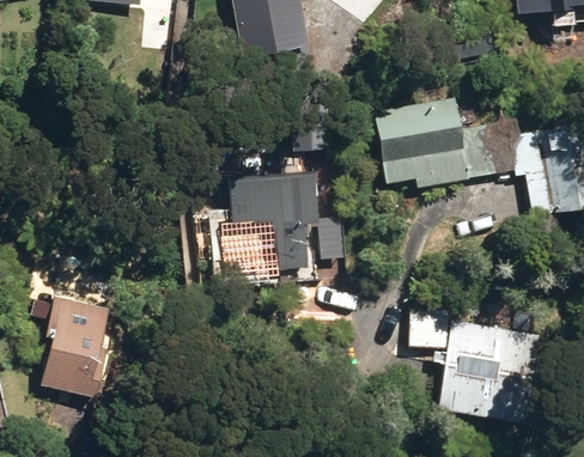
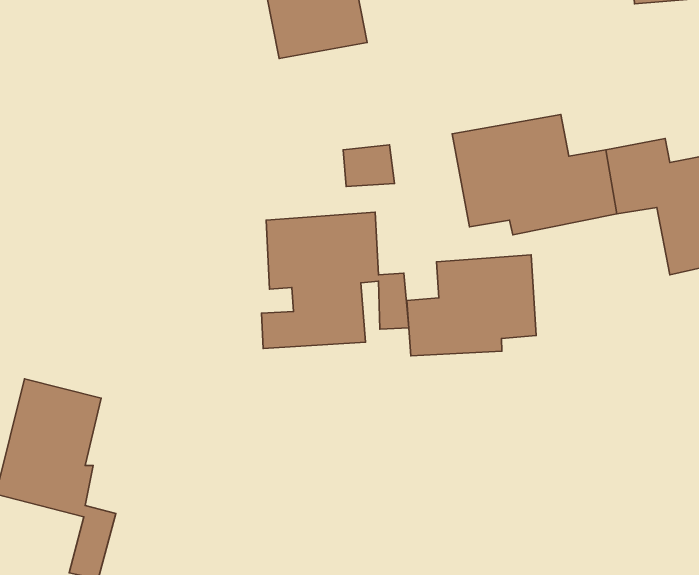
building: none -> [407,255,536,356]
building: [406,307,540,424] -> none

